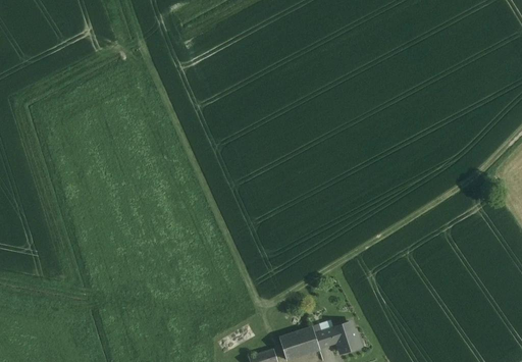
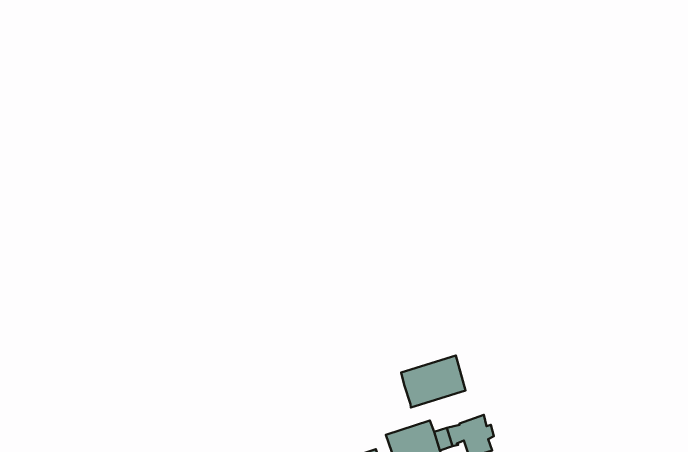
building: none -> [401,356,466,407]

